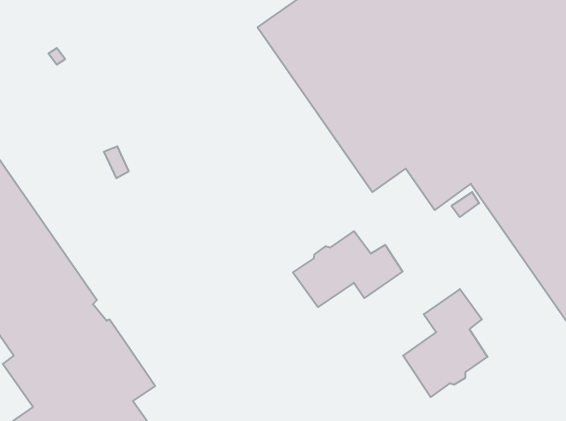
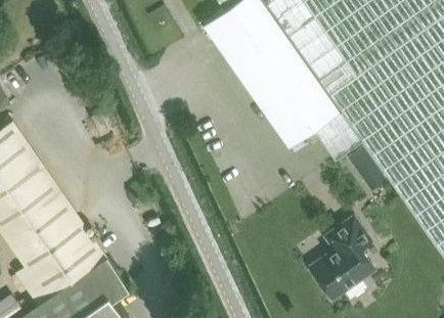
building: [293,231,403,307] -> none

